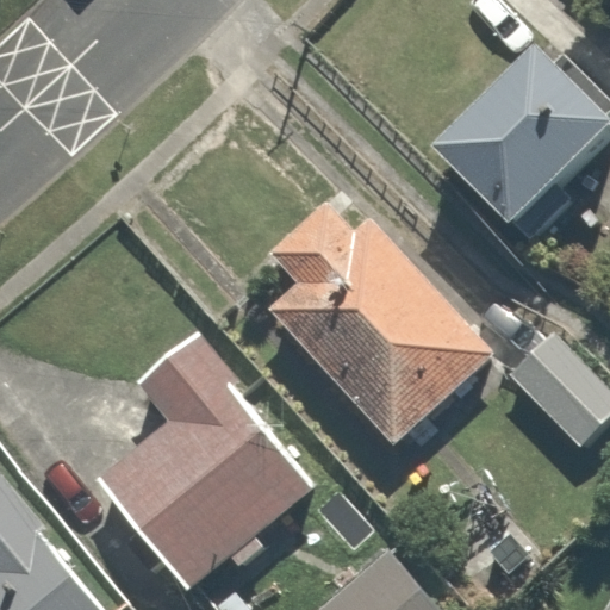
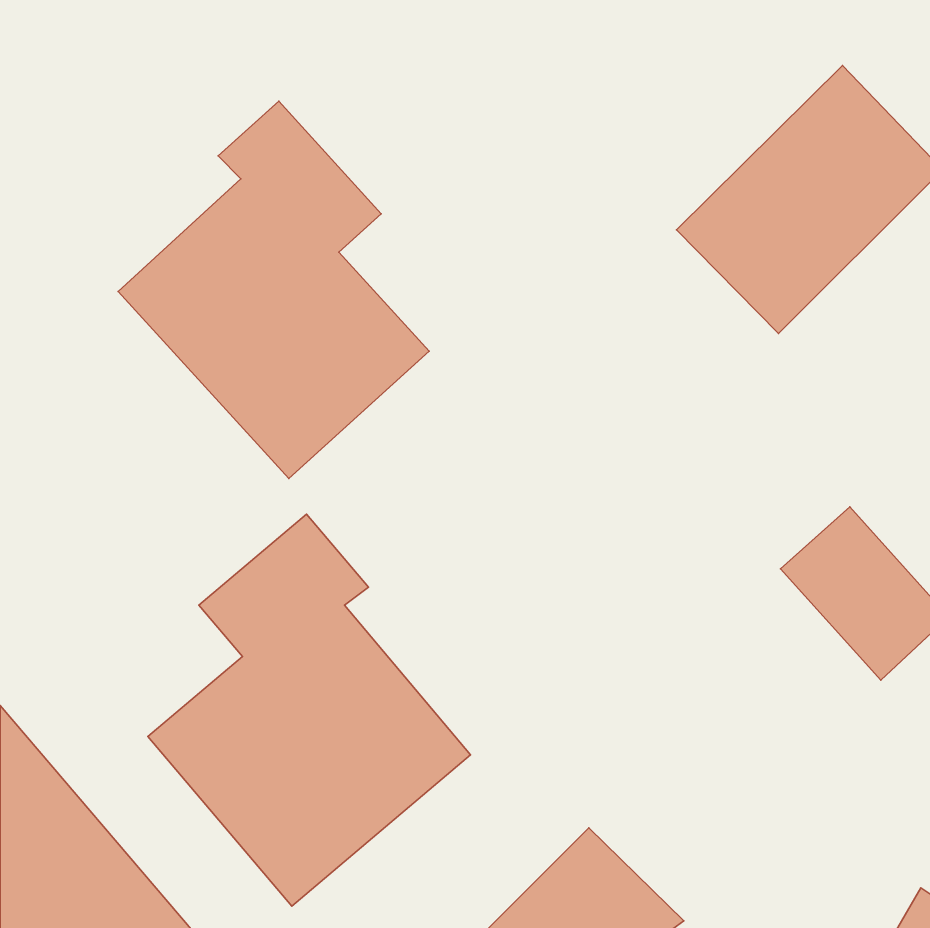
building: none -> [118,101,429,479]
building: [263,197,493,446] -> none

